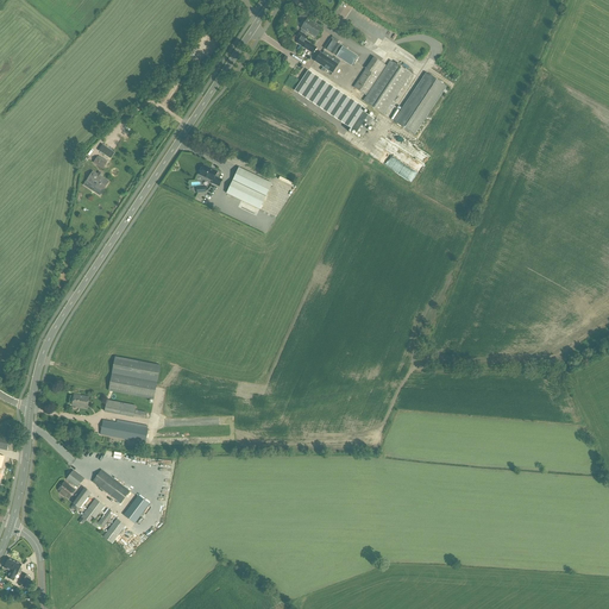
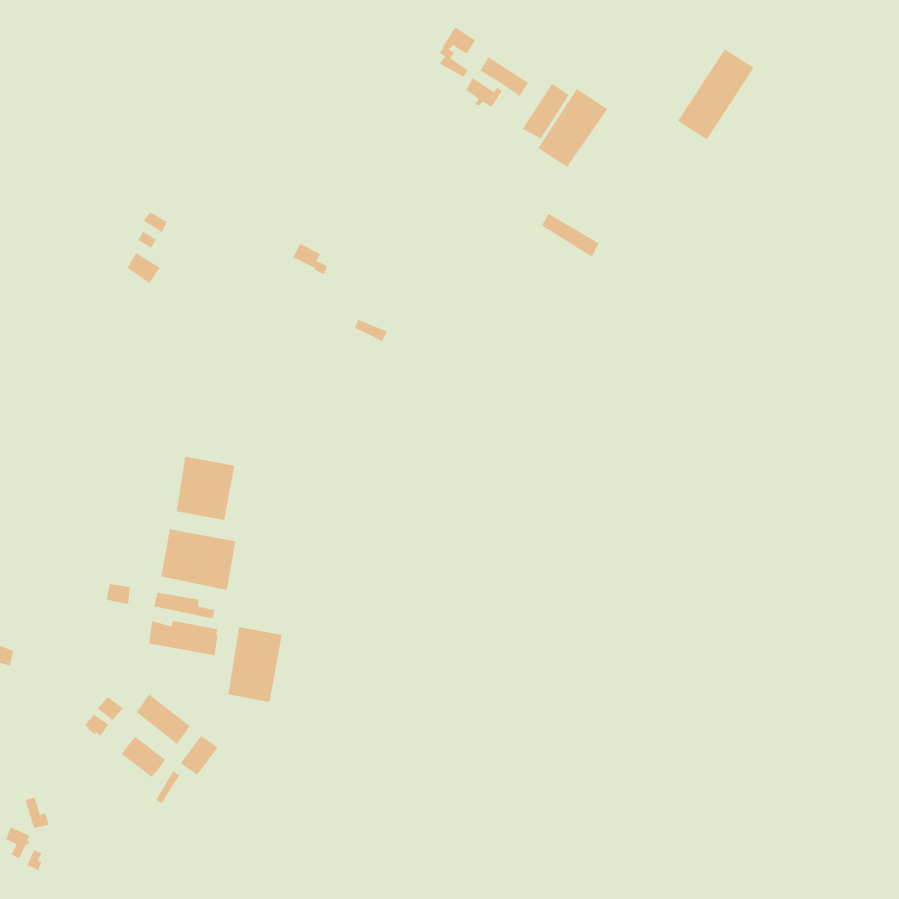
building: [294,70,372,134] -> none
building: [394,73,446,134] -> [677,49,755,140]
building: [226,167,271,208] -> none
building: none -> [176,456,235,521]
building: none -> [228,626,282,703]

